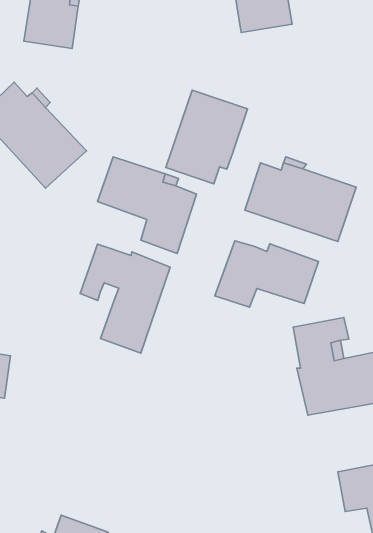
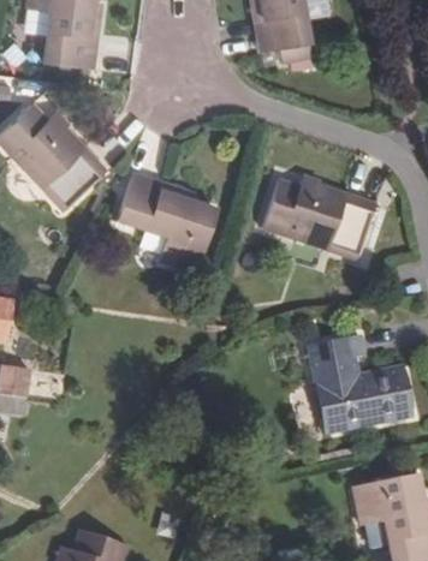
building: [166,90,247,184] -> none
building: [215,241,318,307] -> none
building: [80,244,170,353] -> none

